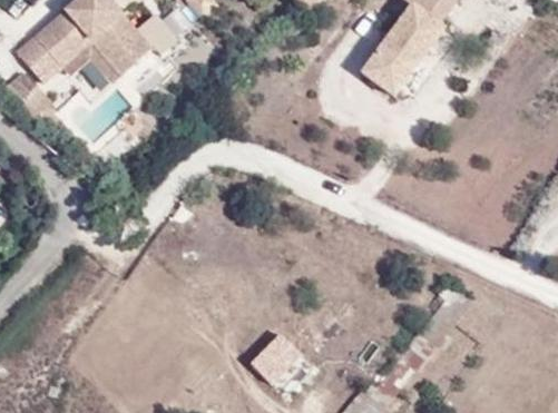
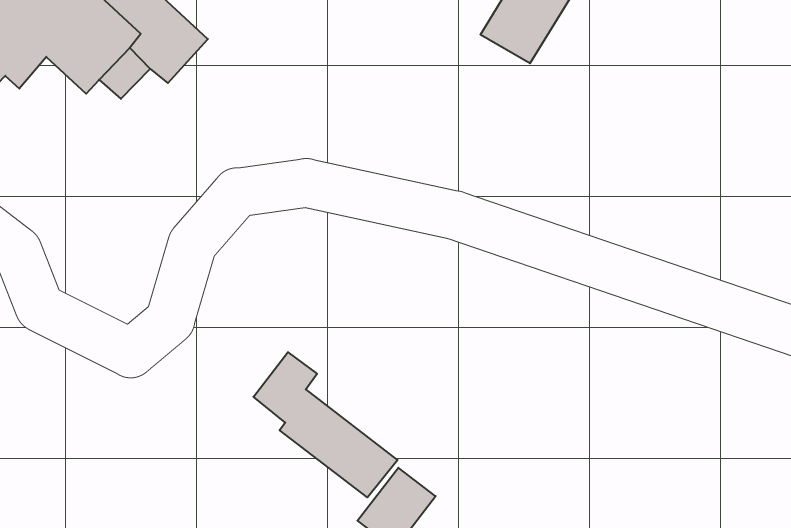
building: none -> [253,352,398,497]

